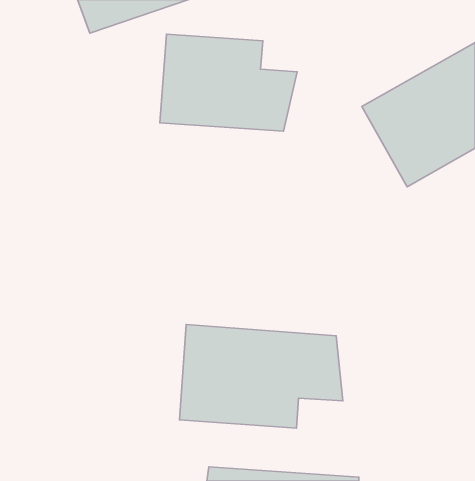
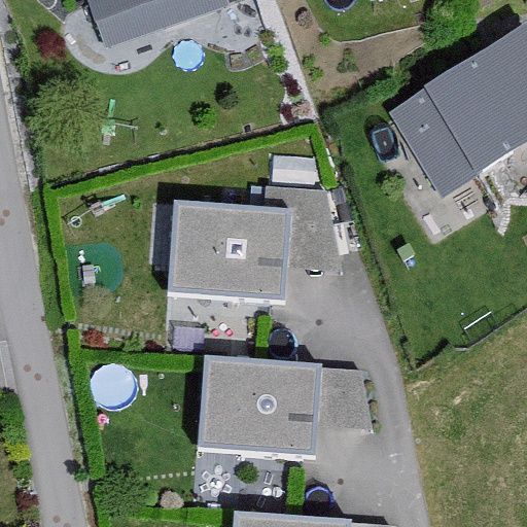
building: [160,34,297,131] -> none
building: none -> [164,178,352,314]

